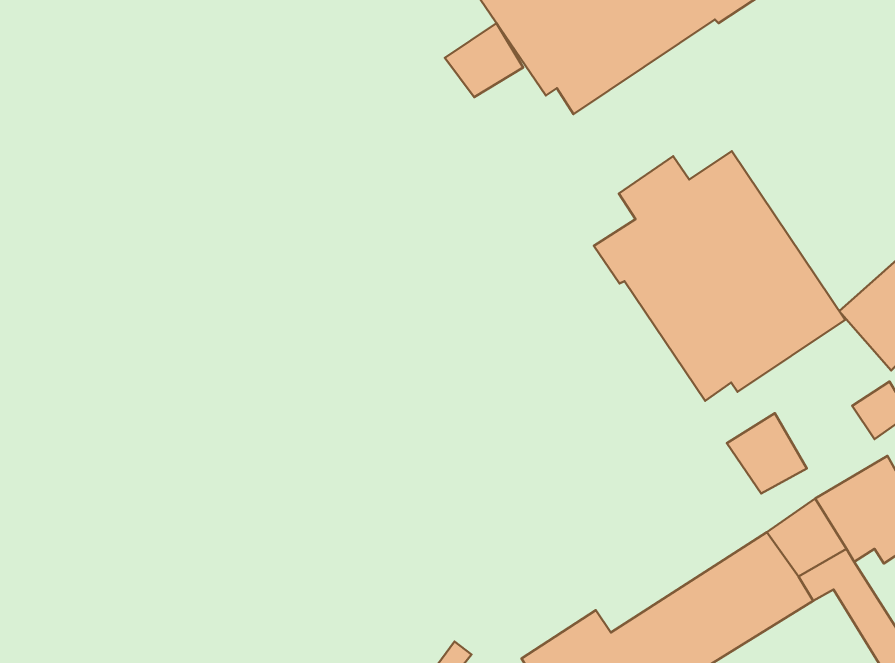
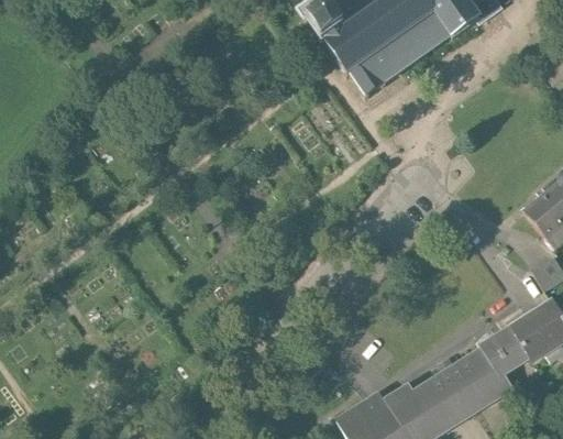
building: [445,23,523,97] -> none
building: [594,151,845,401] -> none
building: [727,413,807,493] -> none

